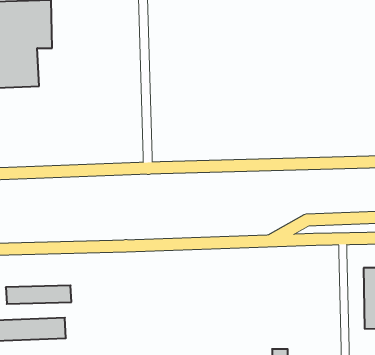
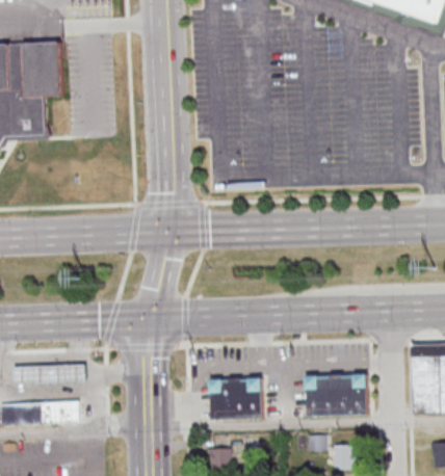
building: none -> [306,372,372,416]
building: none -> [211,376,265,419]

